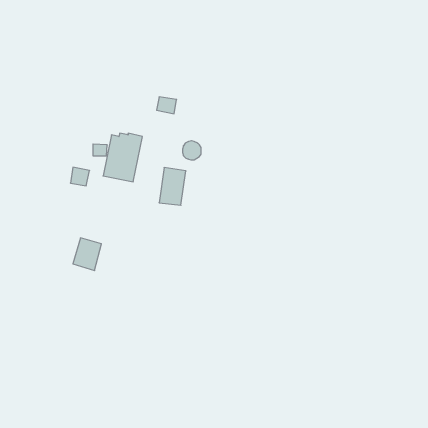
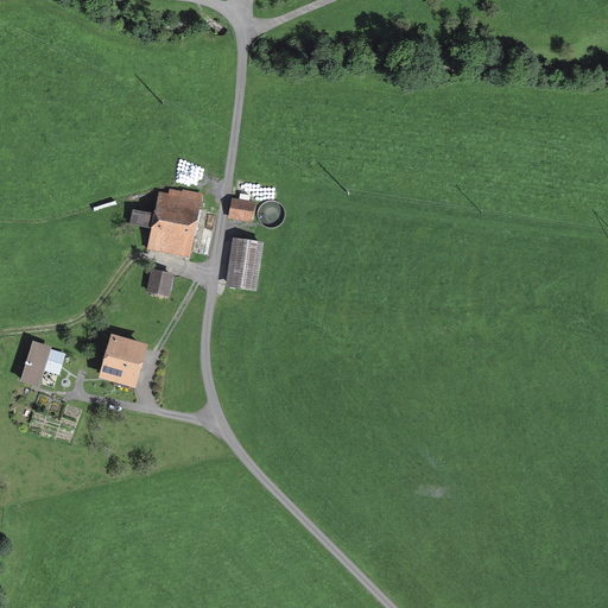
building: [157,97,177,114] -> [228,198,256,222]
building: [70,167,90,186] -> [147,270,175,296]
building: none -> [20,341,52,387]

